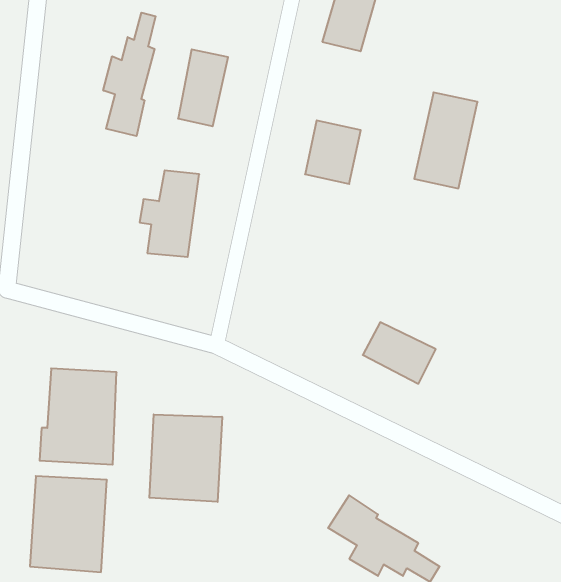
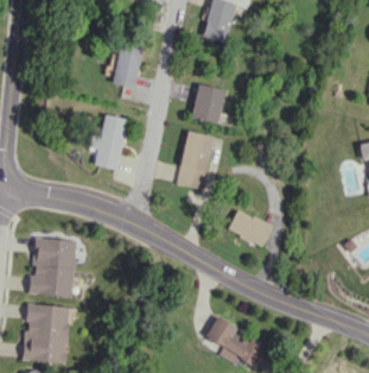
building: [103,13,156,136] -> none
building: [414,92,478,188] -> [176,131,215,190]
building: [149,414,222,502] -> none

